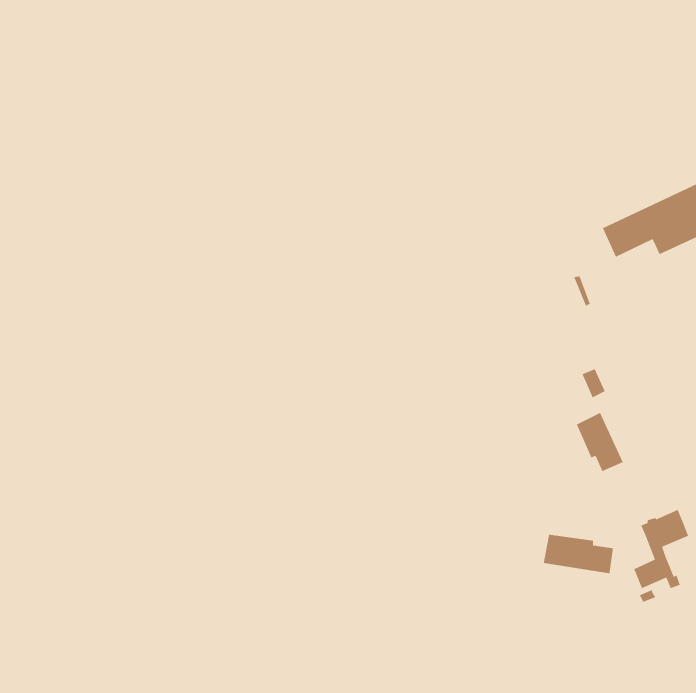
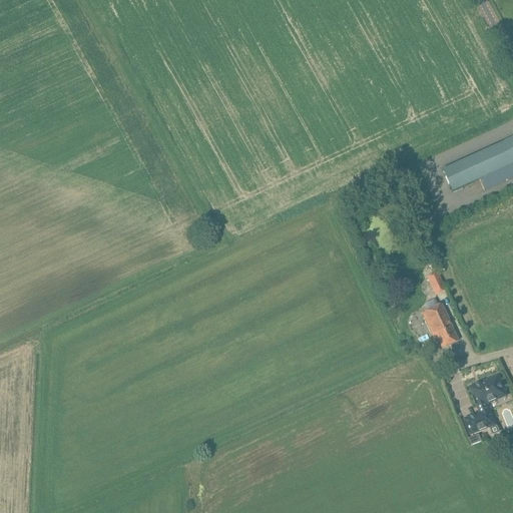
building: [543,534,614,574] -> none

